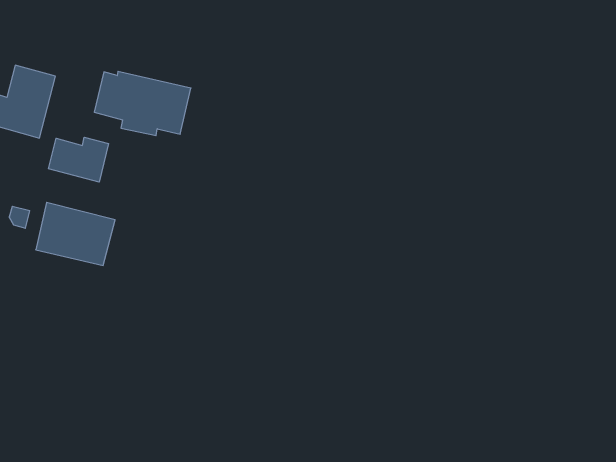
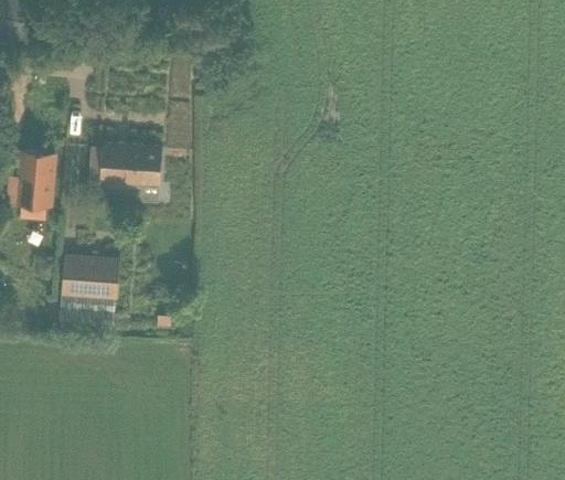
building: [48,137,109,182] -> none

